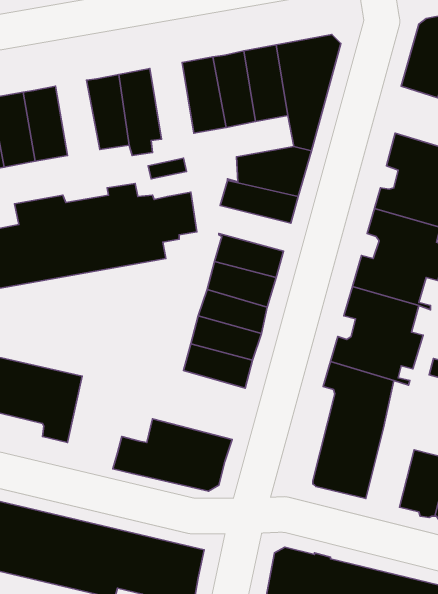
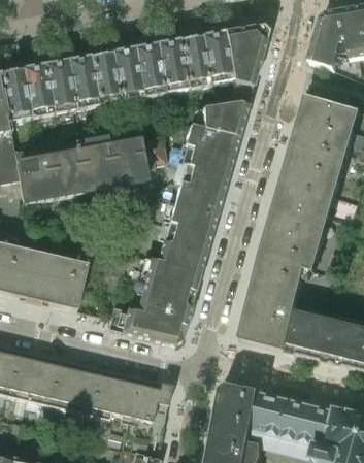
building: none -> [132,44,163,98]
building: none -> [66,57,97,109]
building: none -> [180,144,231,176]
building: none -> [134,257,199,308]
building: none -> [284,309,318,356]

